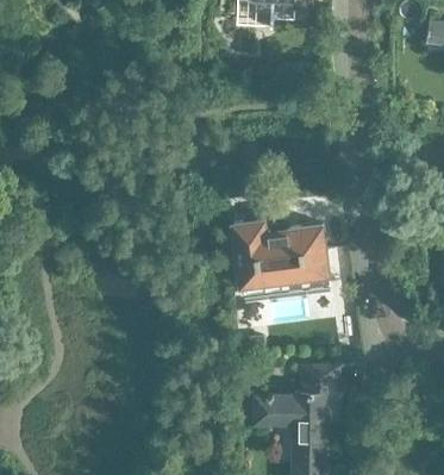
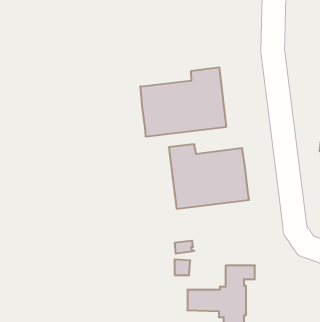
building: none -> [140,67,226,137]

